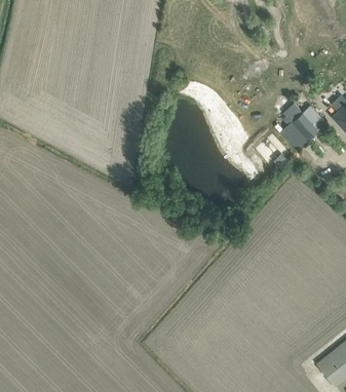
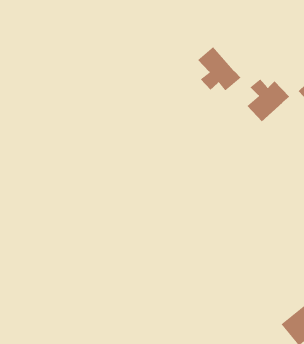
building: none -> [197,46,241,91]

